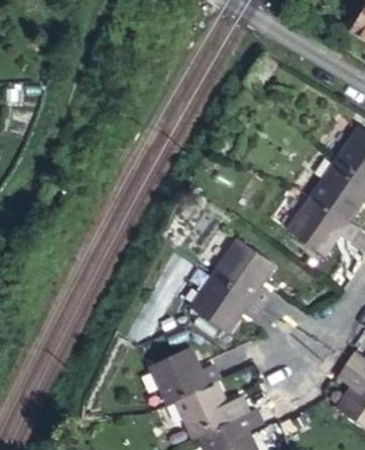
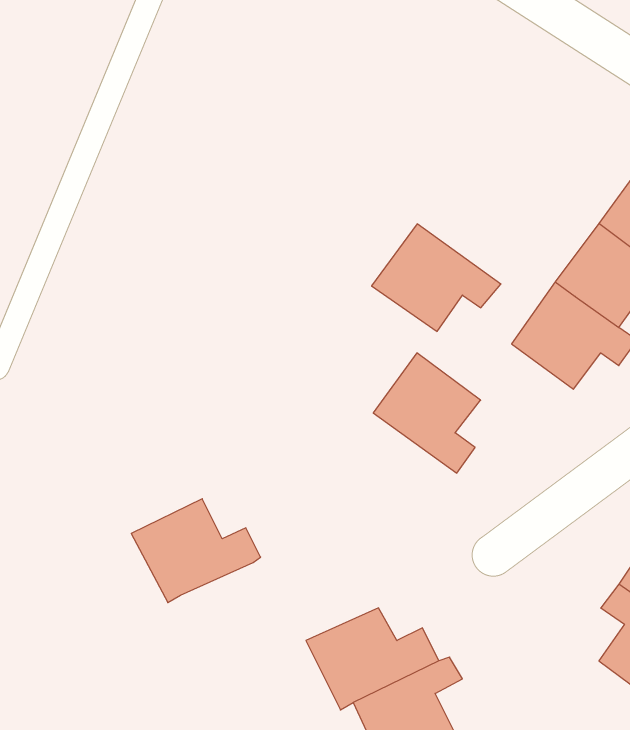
building: [185,270,256,329] -> [372,224,501,331]
building: [145,342,217,400] -> [131,499,261,603]

